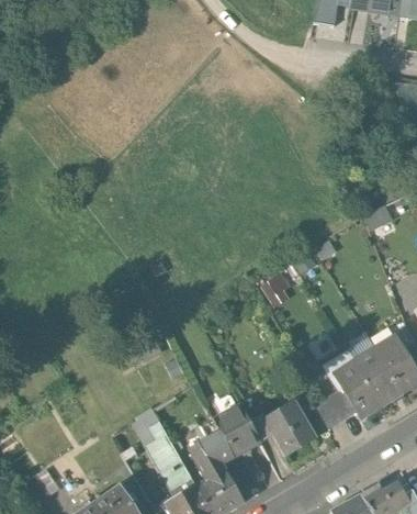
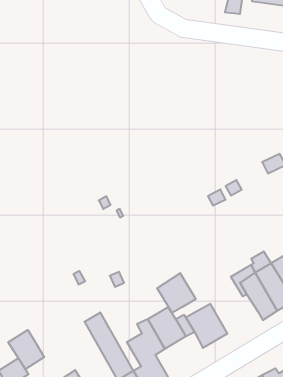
building: [261,270,294,304] -> none
building: none -> [157,273,196,313]
building: [314,388,357,427] -> none
building: none -> [8,330,44,369]

